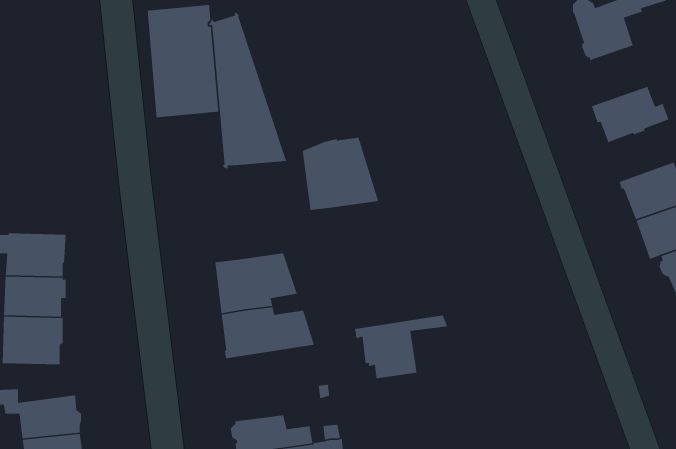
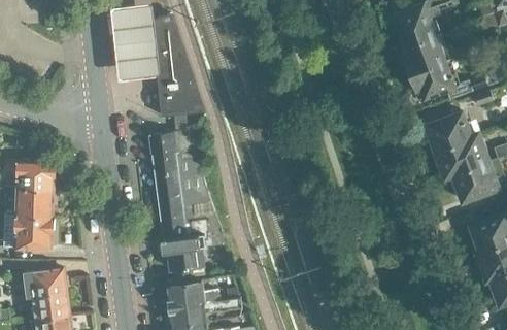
building: none -> [399,35,444,75]
building: [302,137,379,211] -> [149,130,201,179]
building: [354,314,448,379] -> [162,235,225,278]

